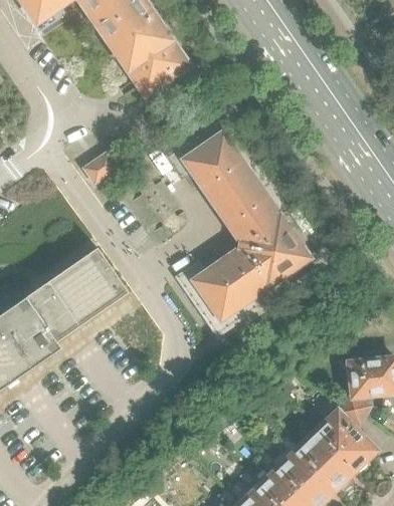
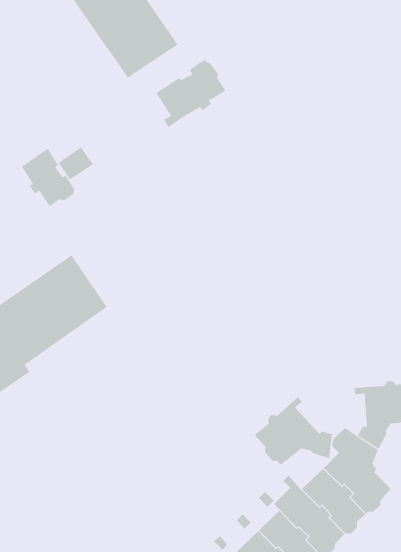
building: none -> [156,58,226,128]
building: [169,124,309,319] -> none
building: none -> [21,148,75,207]
building: none -> [254,396,333,466]

